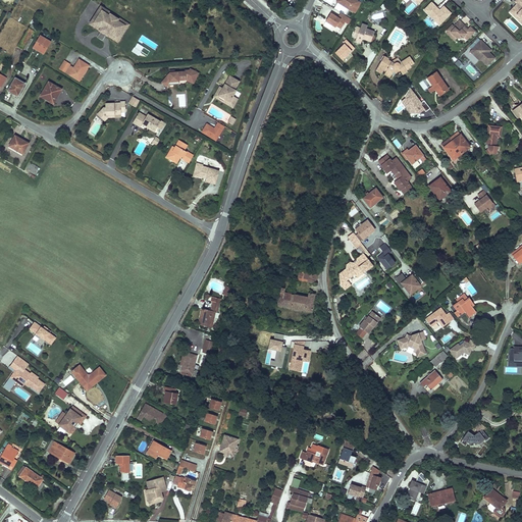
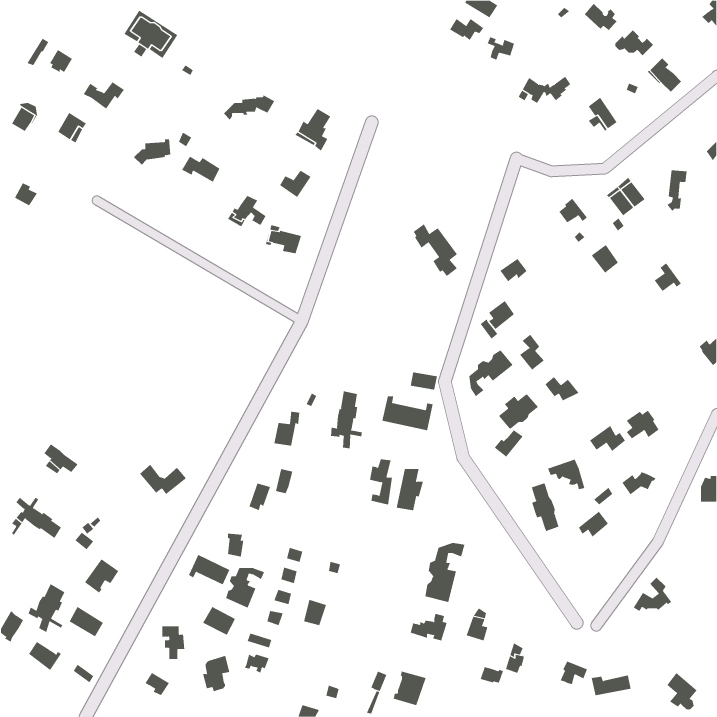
building: [402,88,430,114] -> none
building: [377,152,410,191] -> [413,223,458,277]
building: none -> [330,390,363,449]
building: none -> [498,394,538,429]
building: none -> [532,482,559,532]
building: [72,364,107,386] -> [139,464,187,495]
building: none -> [425,542,465,603]
building: none -> [226,567,265,608]
building: none -> [28,583,65,633]

